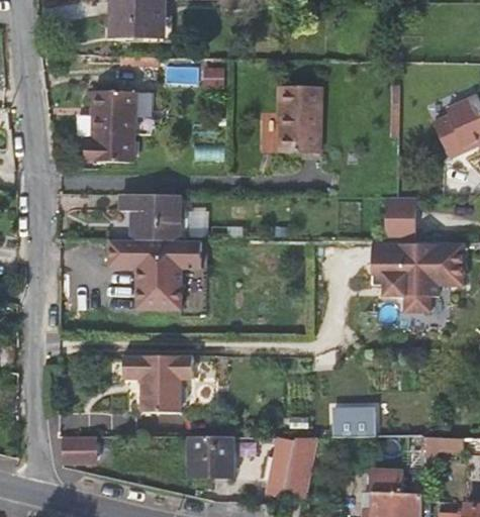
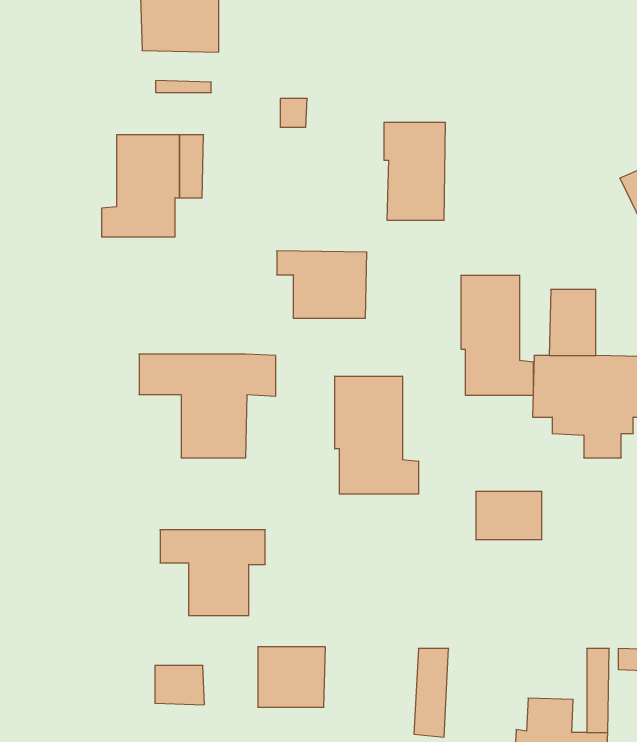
building: none -> [461,275,533,395]
building: [120,195,181,240] -> [277,251,367,318]
building: none -> [335,376,419,494]
building: [331,404,376,436] -> [476,492,542,540]
building: [62,436,95,462] -> [155,666,204,705]
building: [273,437,296,497] -> none

